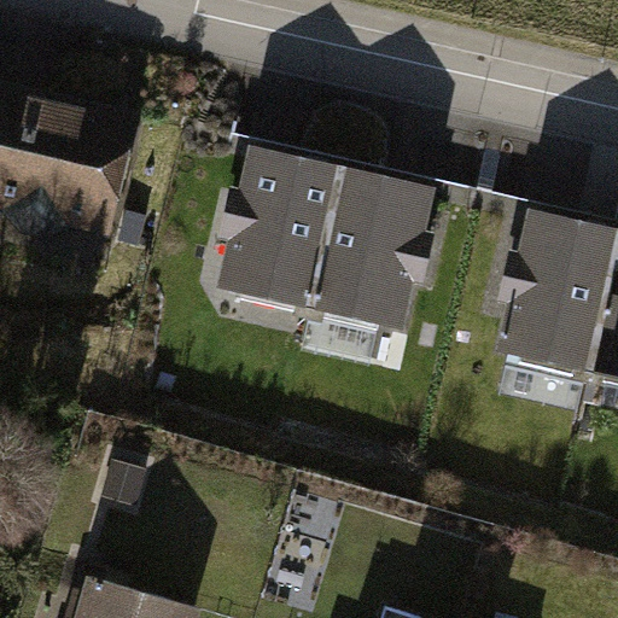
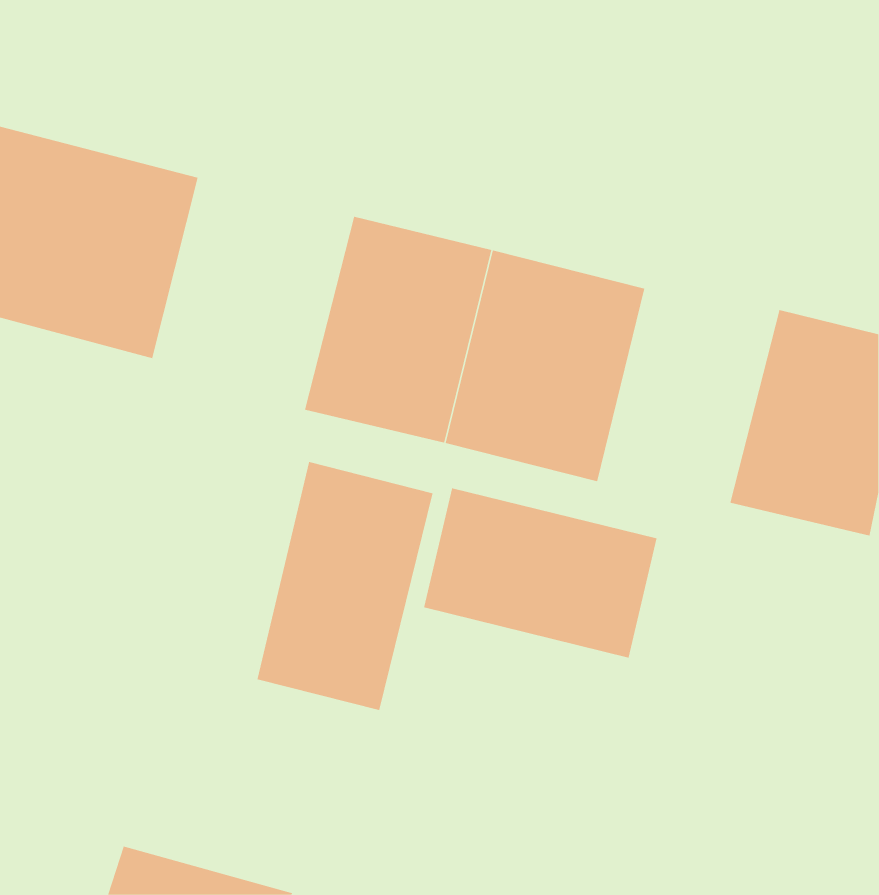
building: none -> [257,461,433,711]
building: none -> [423,488,657,658]

